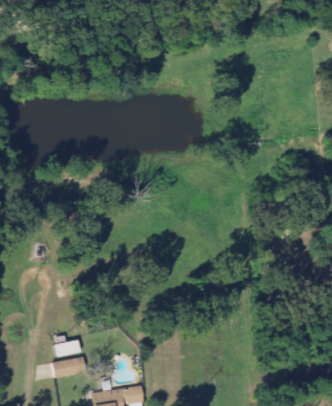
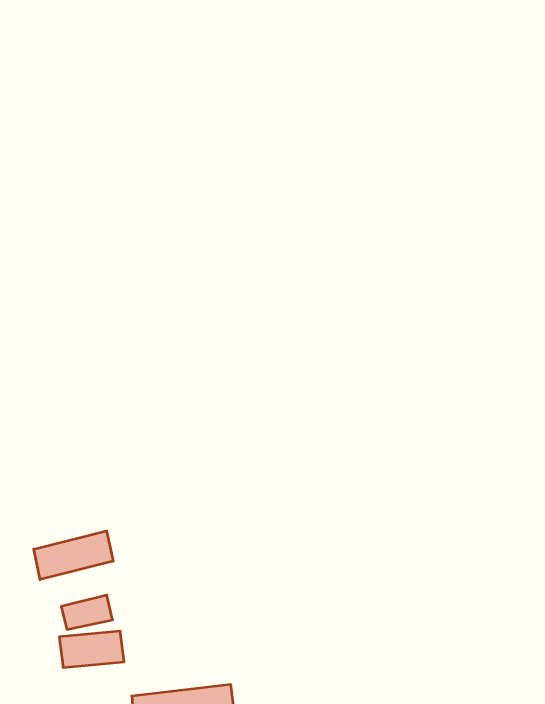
building: none -> [34,531,113,580]

